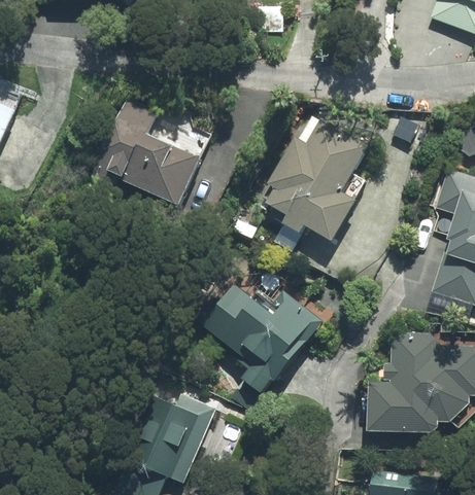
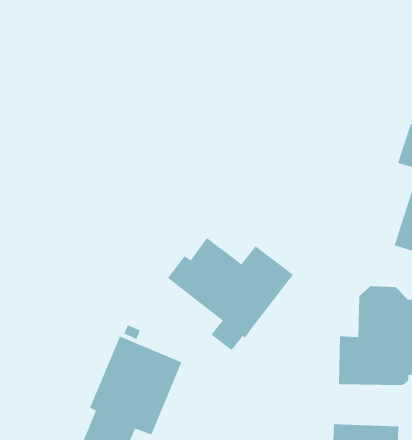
building: [88,97,201,204] -> none
building: [260,116,371,241] -> none

